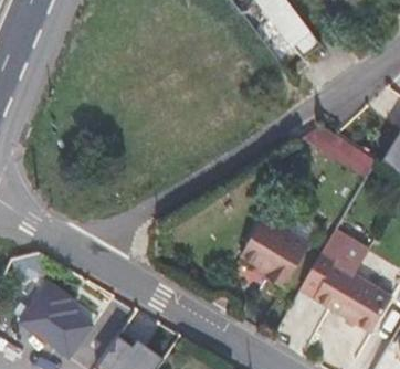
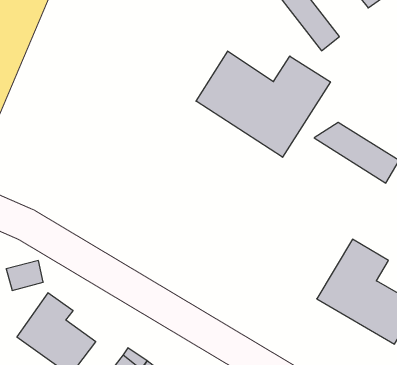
building: none -> [196,51,330,157]
building: [239,215,307,284] -> none

